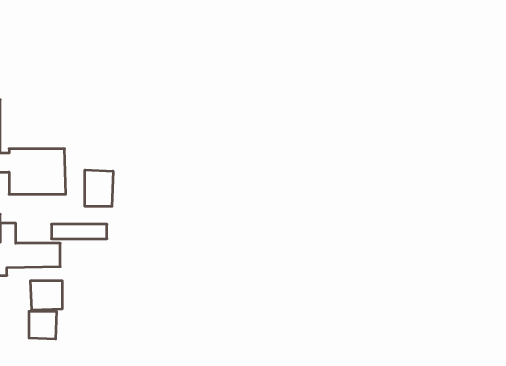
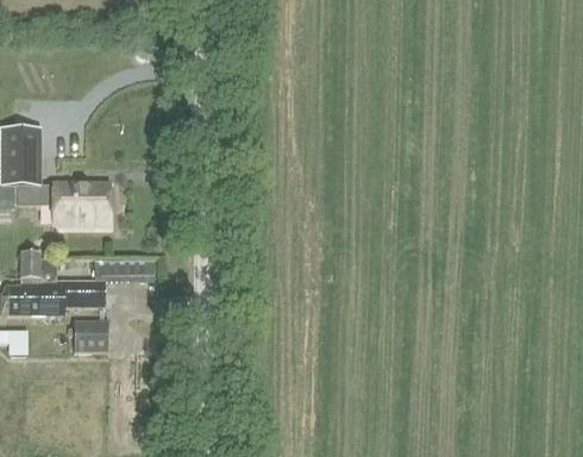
building: [85,170,113,206] -> none
building: [29,311,56,339] -> none

